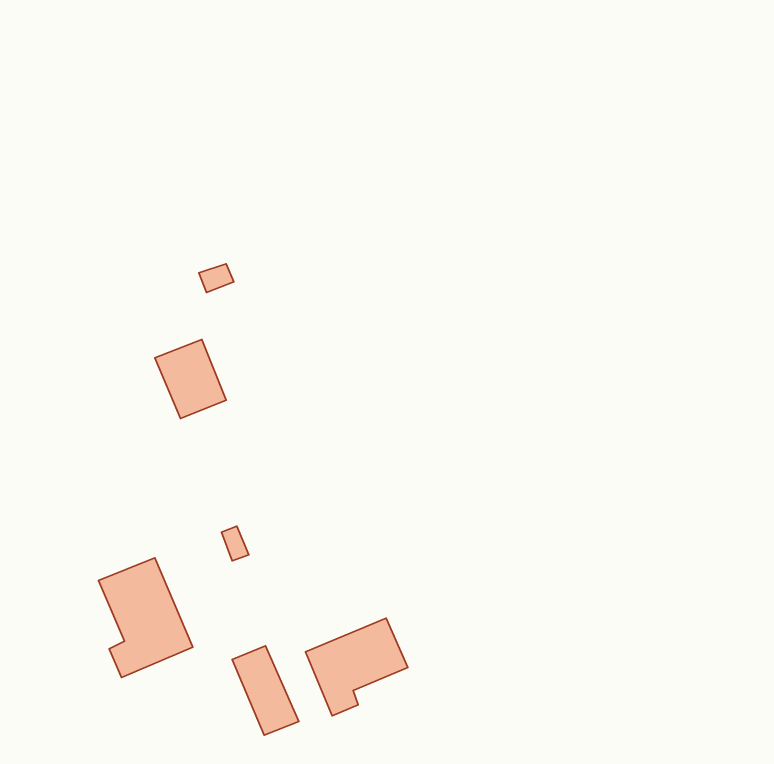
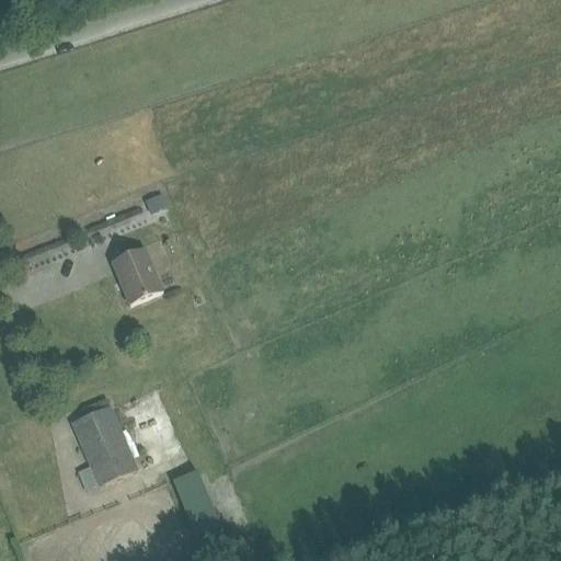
building: [305,618,408,716] -> none

